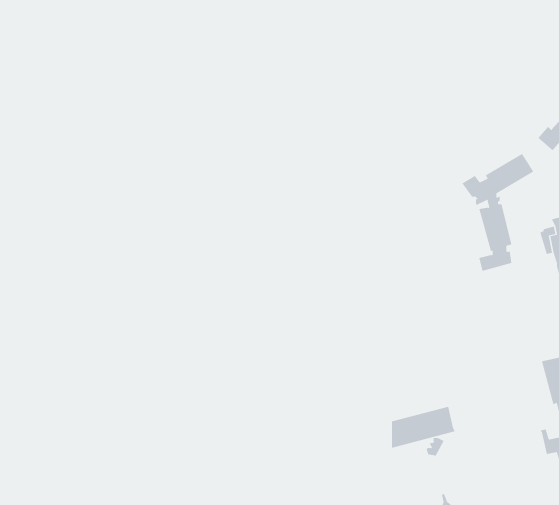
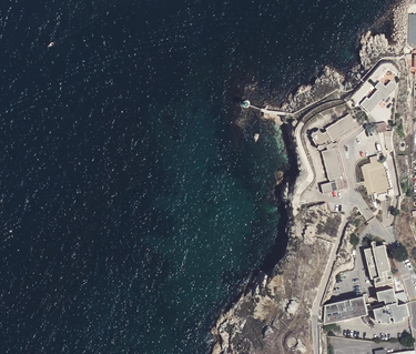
building: [391,406,456,448] -> [324,297,366,325]

